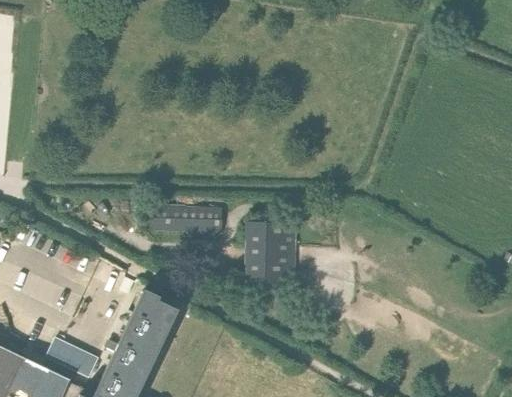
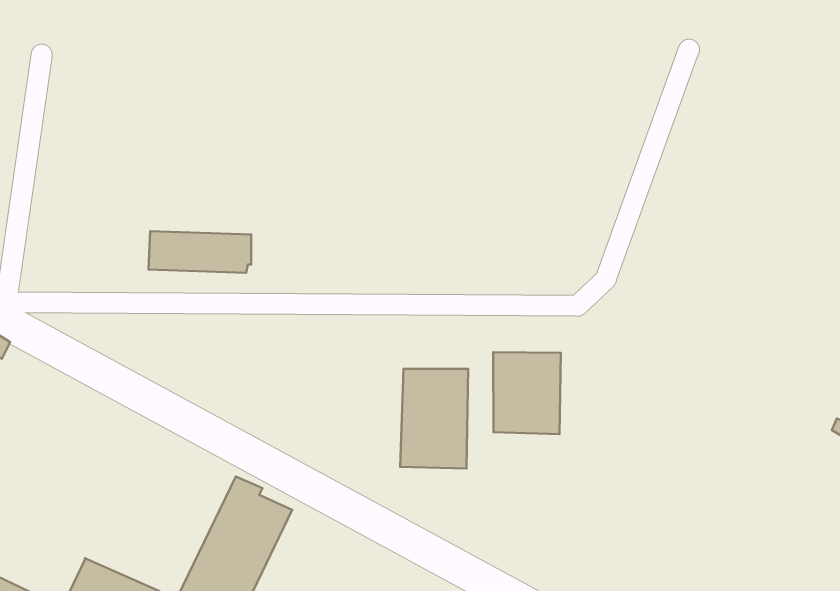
building: [154,206,216,231] -> [148,231,251,273]
building: none -> [493,352,561,434]

